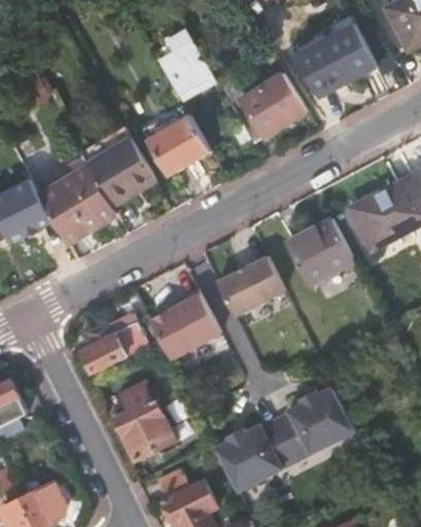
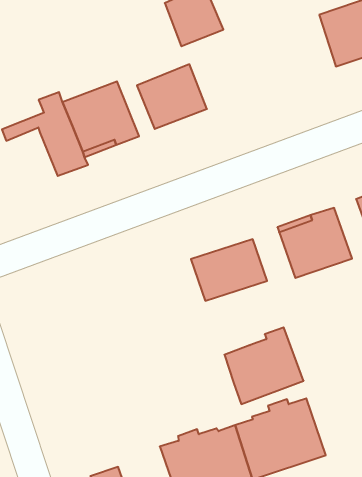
building: [231,73,306,144] -> none
building: [43,187,92,241] -> none
building: [149,289,220,360] -> [224,327,304,404]
building: [82,318,147,372] -> none
building: [112,383,175,459] -> none

